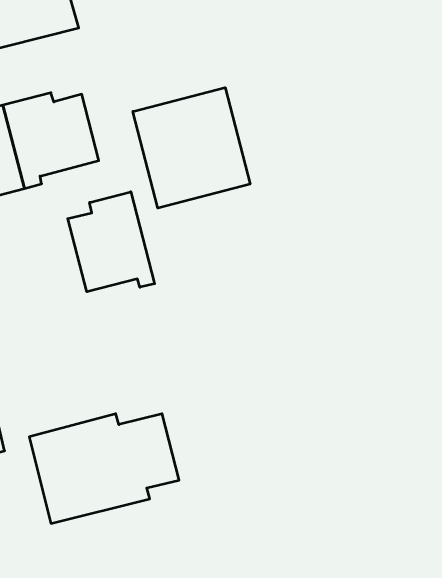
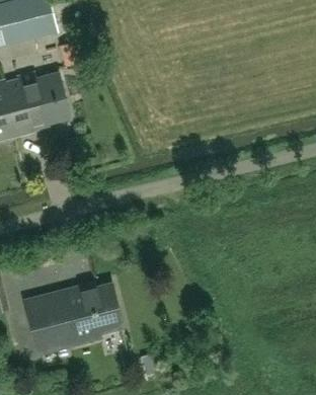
building: [133,88,250,208] -> none
building: [68,192,155,292] -> none

